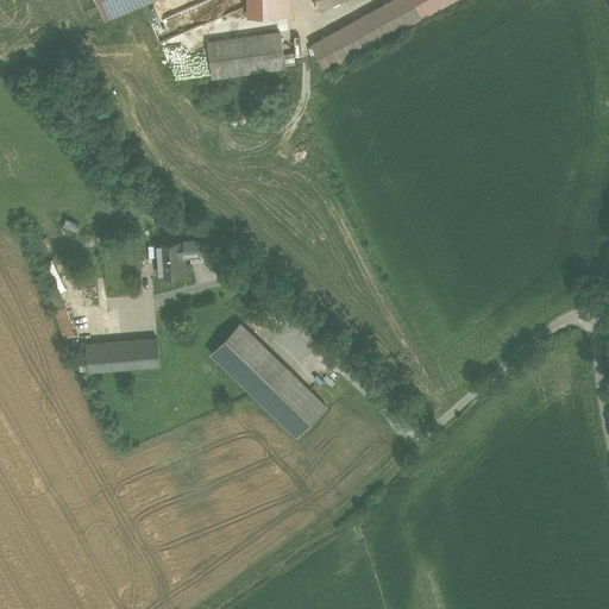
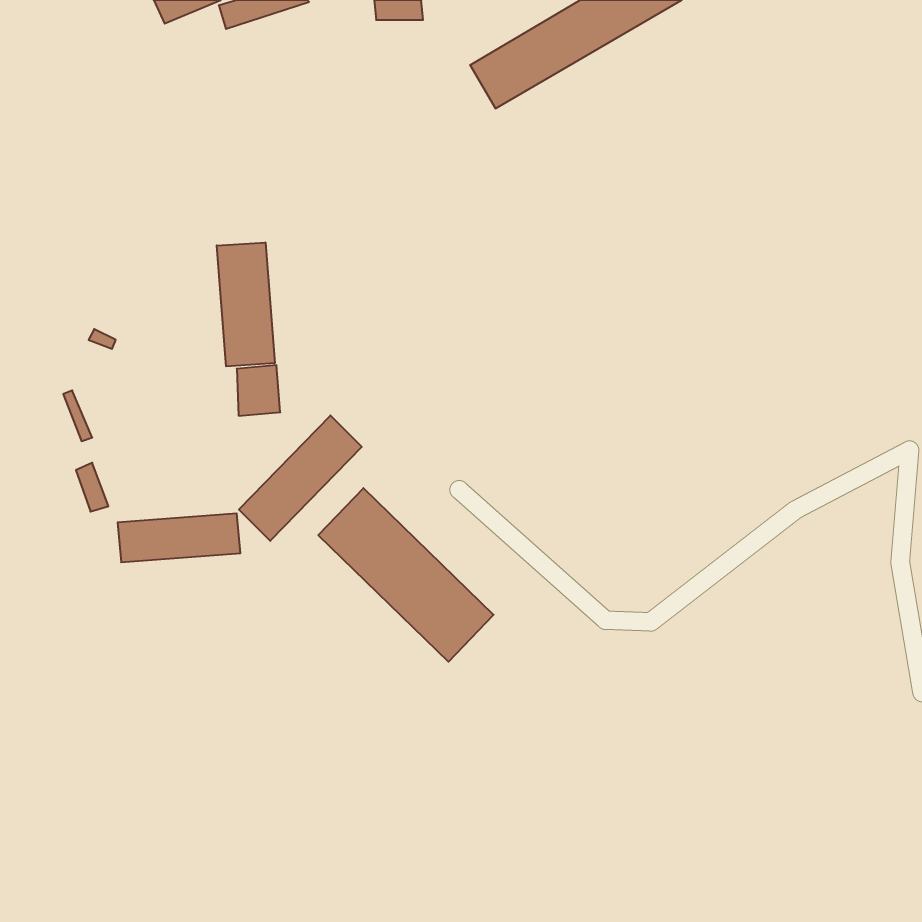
building: [207,32,283,76] -> none
building: none -> [217,242,275,366]
building: none -> [239,415,362,541]

